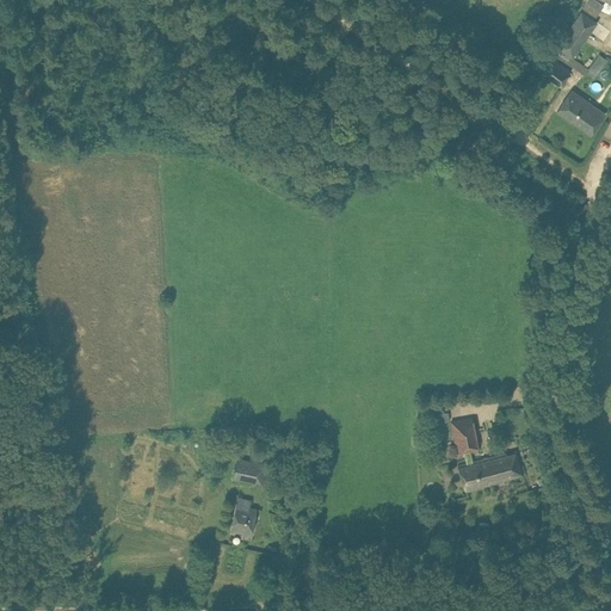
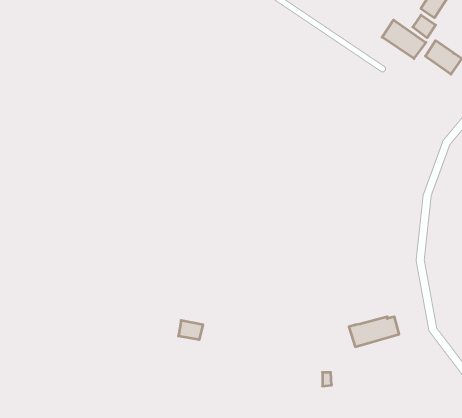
building: none -> [382,20,426,59]
building: [452,418,480,463] -> none
building: [232,498,259,535] -> none

